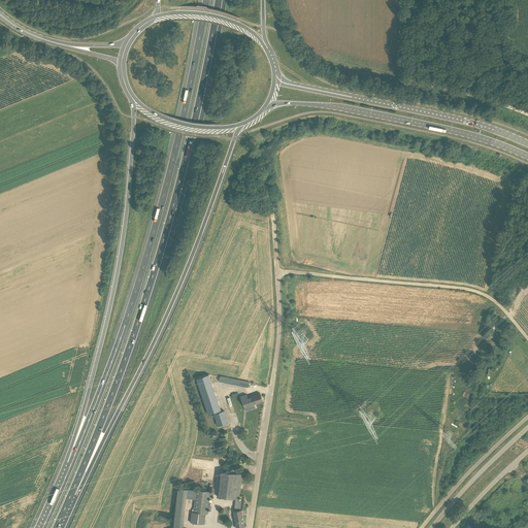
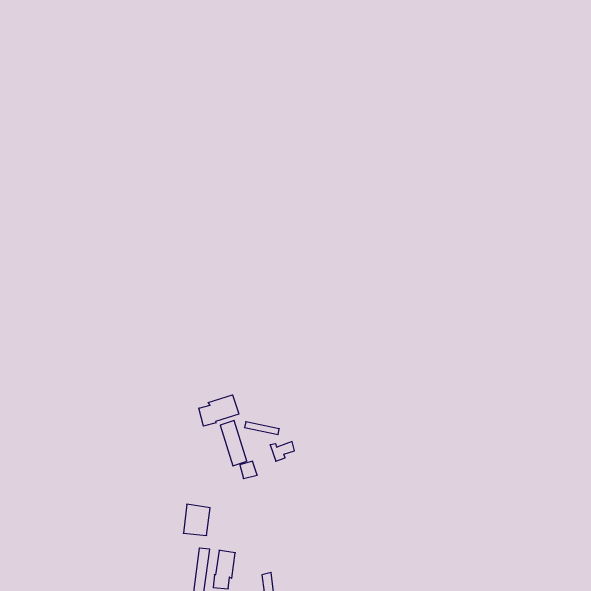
building: none -> [199,395,239,426]
building: [218,472,241,500] -> [183,504,210,535]

